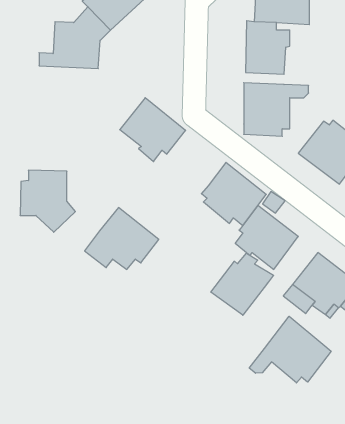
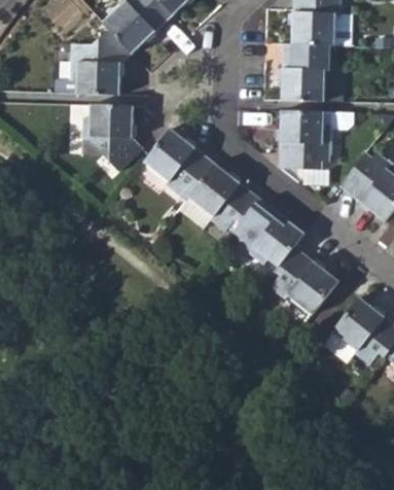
building: [20,170,75,232] -> [81,104,142,172]
building: [85,208,159,269] -> [178,163,259,231]
building: [211,253,274,315] -> none
building: [249,316,331,383] -> none

